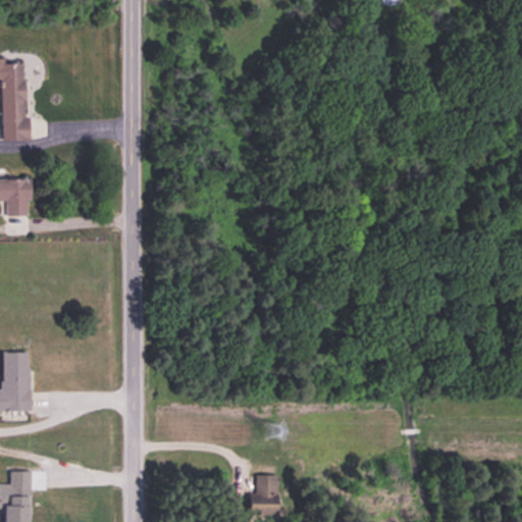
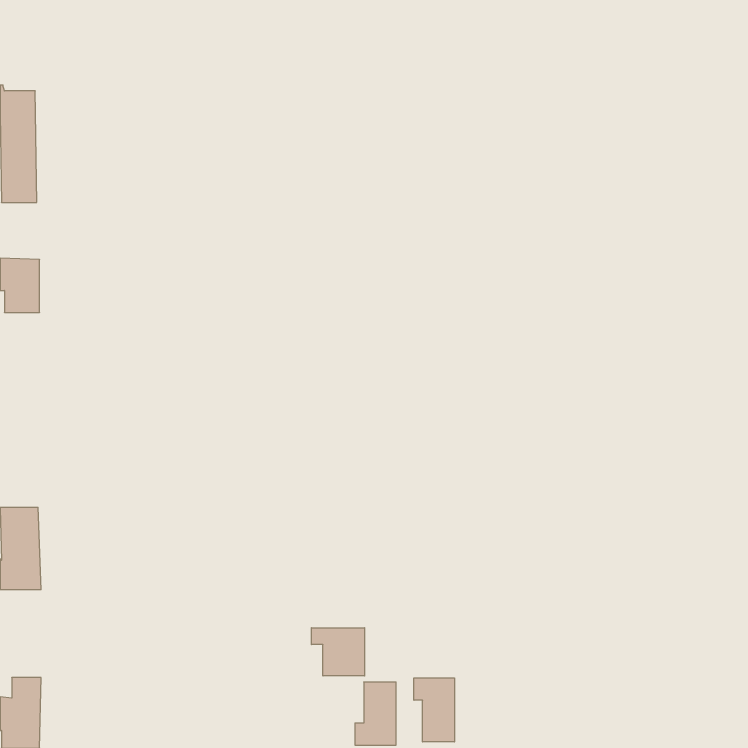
building: none -> [311,628,365,676]
building: none -> [414,678,454,742]

